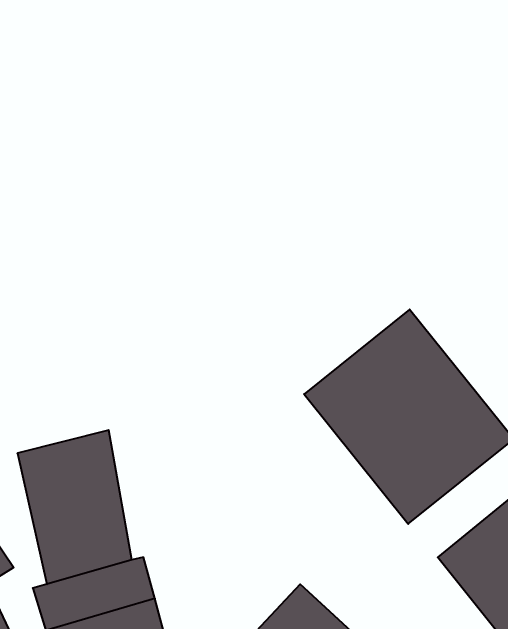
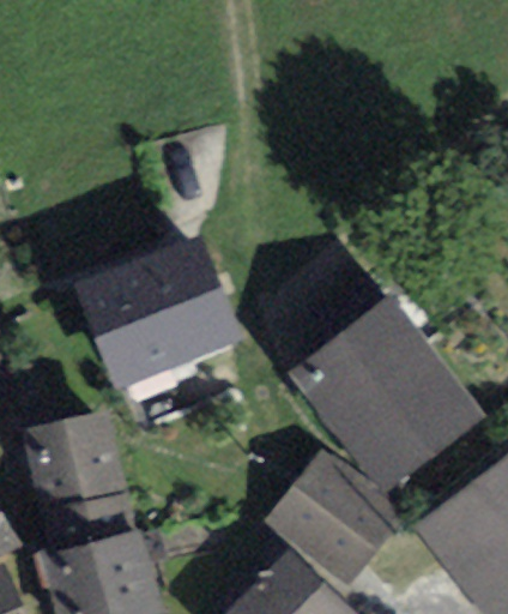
building: none -> [74,237,241,389]
building: none -> [265,451,405,585]

